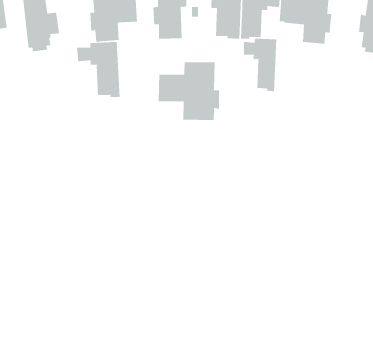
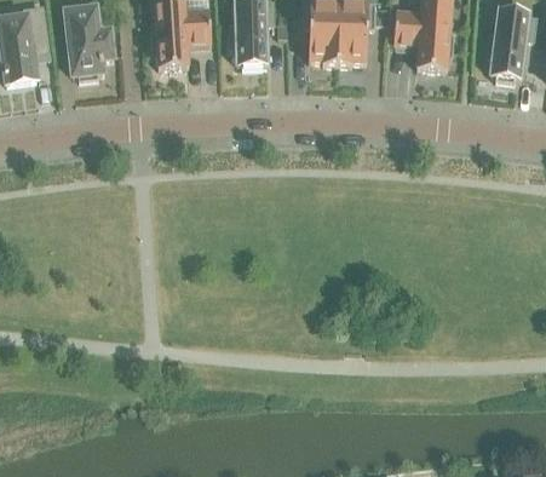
building: [243,38,277,92] -> none
building: [77,41,120,98] -> none
building: [158,61,220,121] -> none

